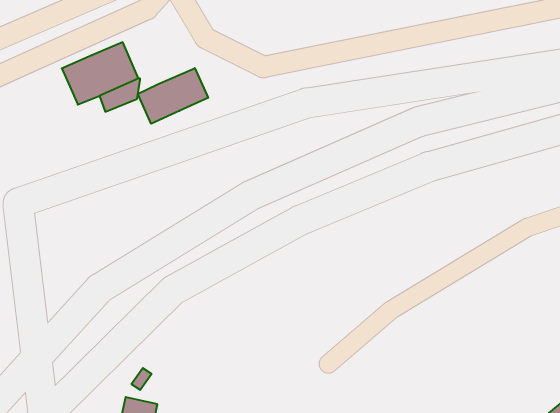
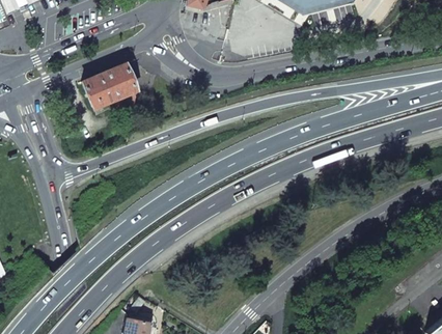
building: [138,68,208,124] -> none

